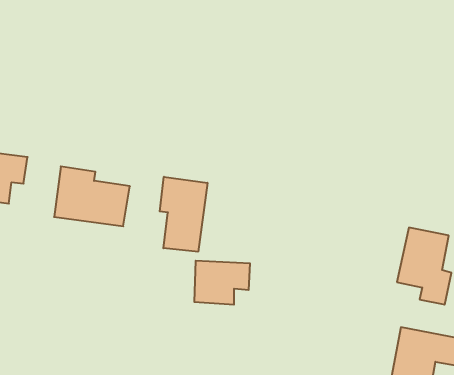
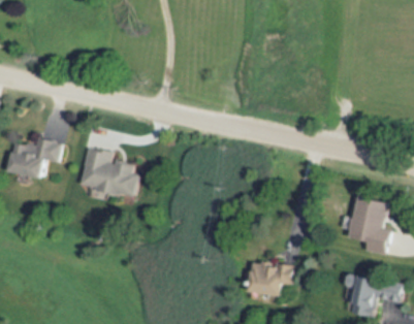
building: [160,177,207,252] -> none
building: [194,261,250,305] -> [250,262,293,296]

